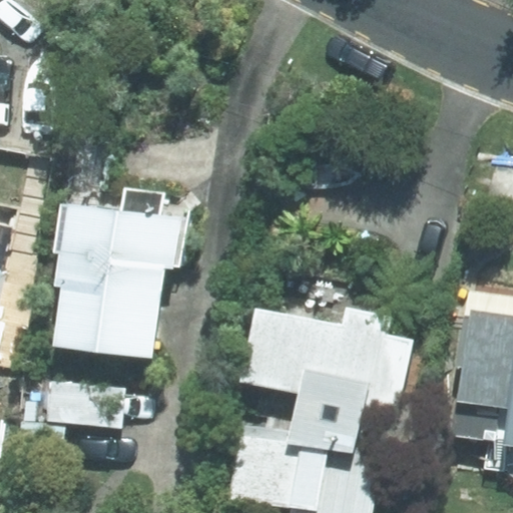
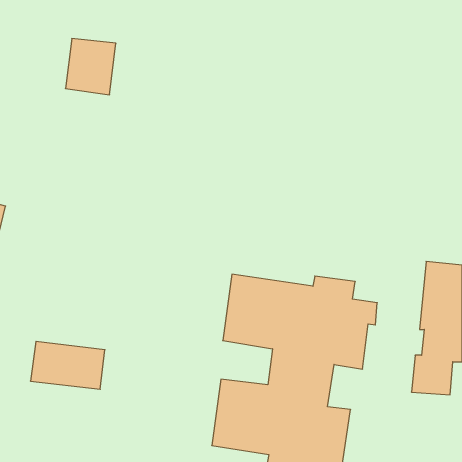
building: [56,201,180,348] -> none

